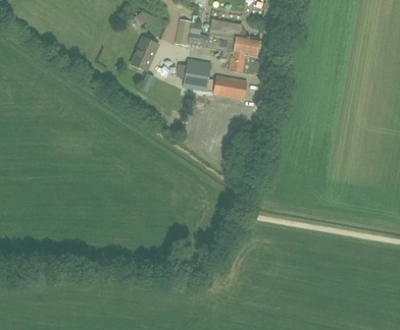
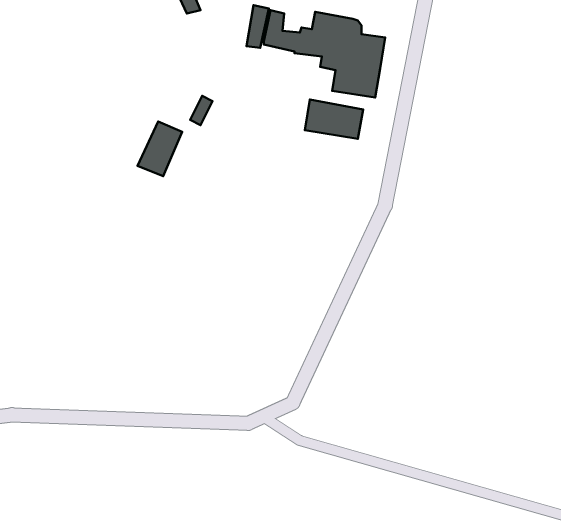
building: [131,37,157,69] -> [138,121,182,176]
building: [177,59,210,90] -> none

